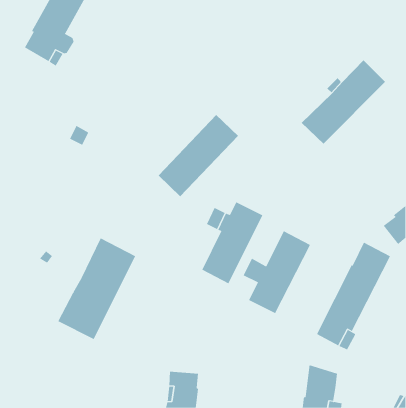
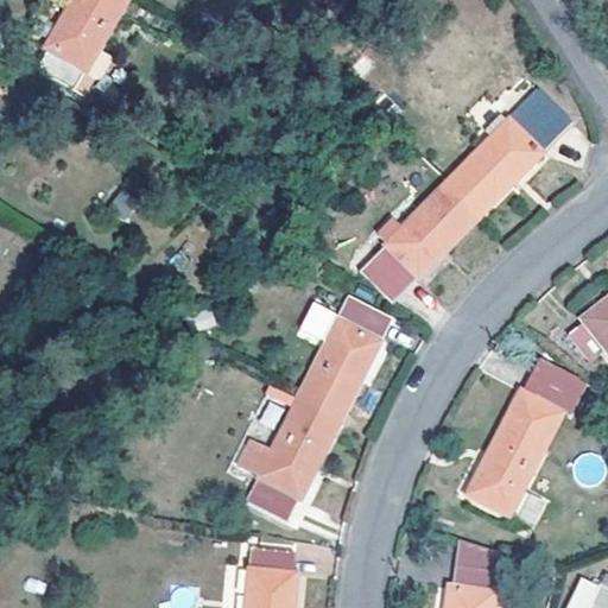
building: [158,114,239,197] -> [359,182,479,304]
building: [243,230,311,314] -> [238,399,338,522]
building: [57,237,136,340] -> none

